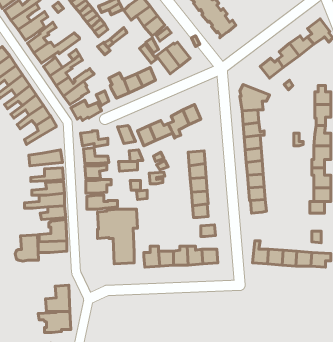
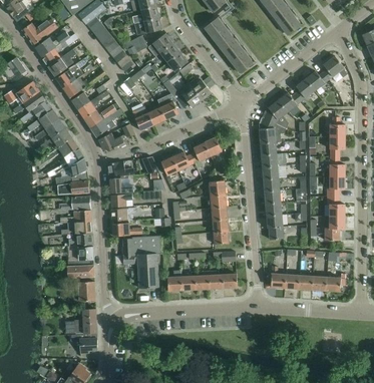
building: none -> [262,100,289,127]
building: none -> [56,157,88,184]
building: [15,235,39,261] -> [73,276,95,301]

